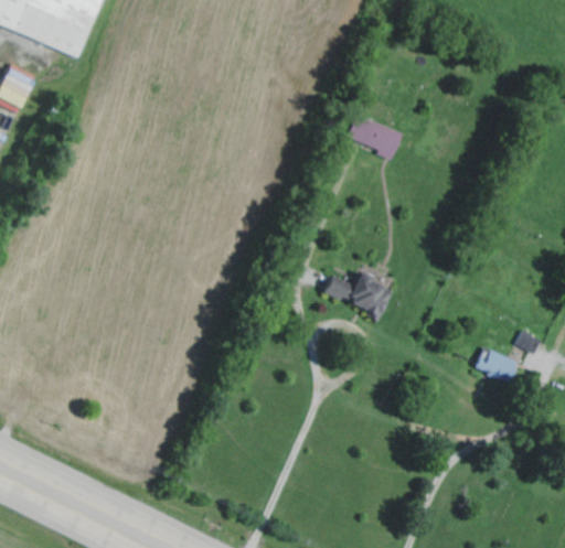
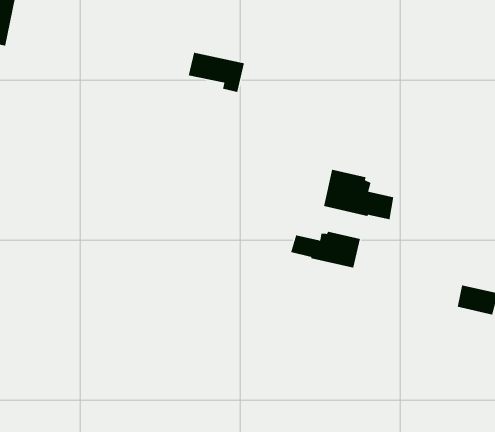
building: [345,114,402,159] -> [188,52,245,93]
building: none -> [323,169,394,220]

